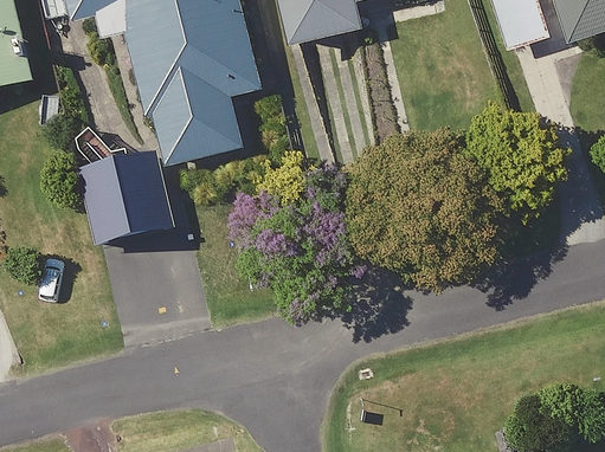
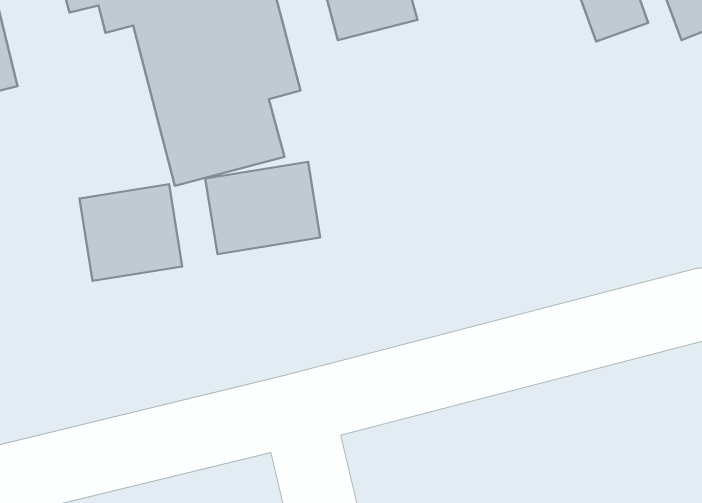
building: none -> [205,162,320,254]

